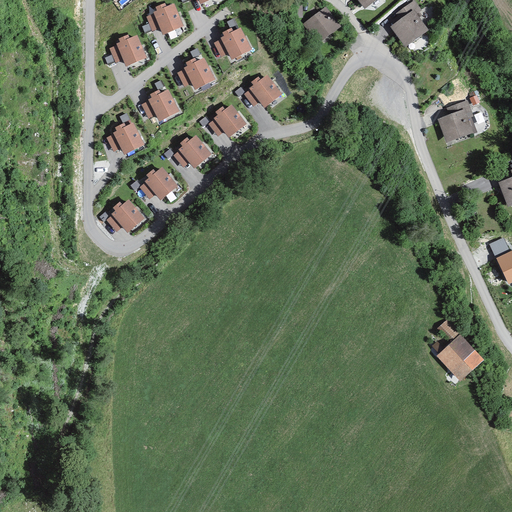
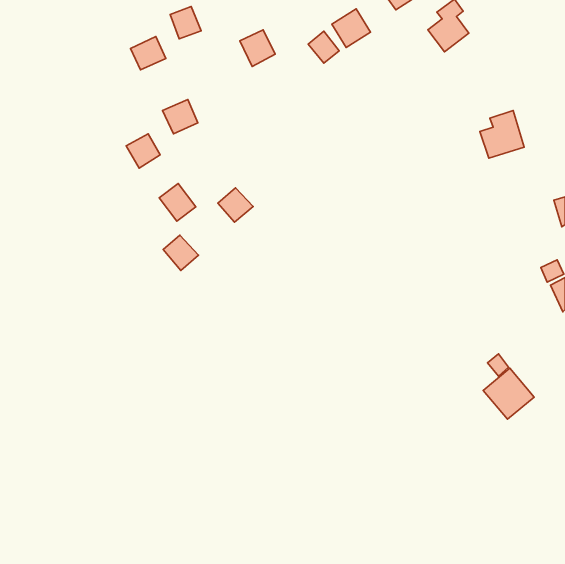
building: [184,62,212,90] -> none
building: [253,76,281,105] -> [308,31,339,63]
building: [214,106,244,137] -> none
building: [180,136,212,167] -> [218,188,253,222]
building: [113,201,145,233] -> [163,235,199,271]

